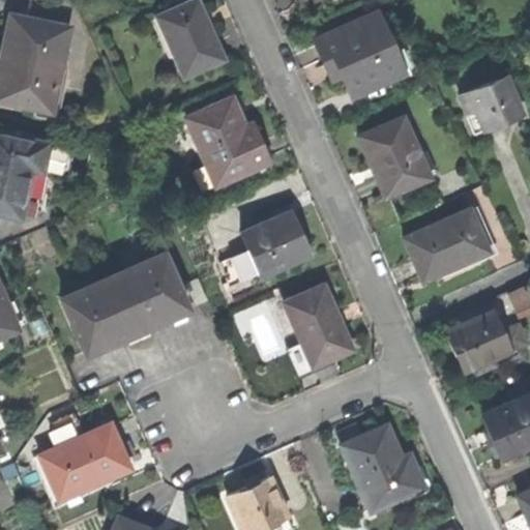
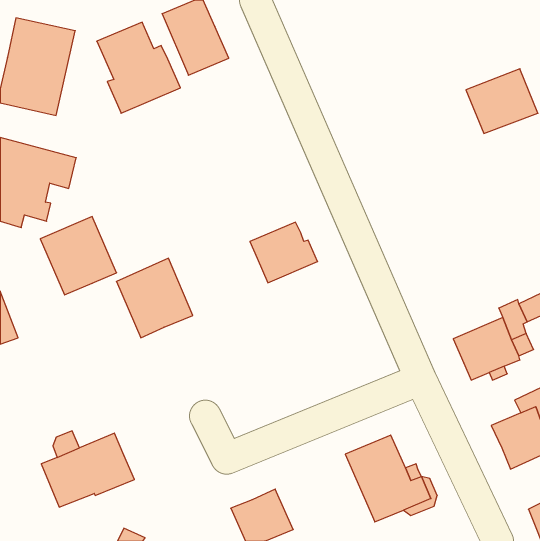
building: [313,13,403,97] -> none
building: [189,98,271,187] -> [97,22,180,113]
building: [358,117,429,197] -> none
building: [404,210,488,282] -> none
building: [222,253,263,290] -> none
building: [64,275,139,352] -> [40,217,117,295]
building: [288,287,352,363] -> none

